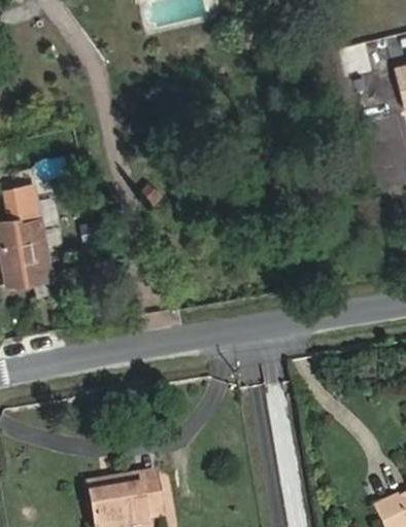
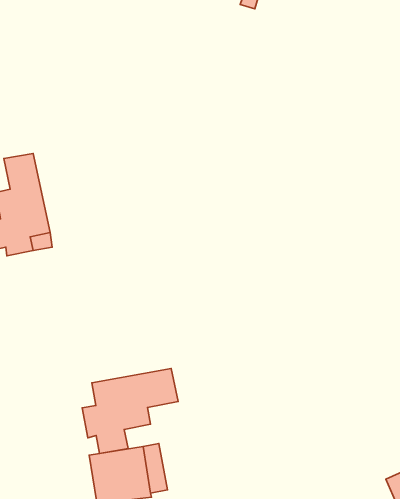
building: none -> [82,368,178,453]

